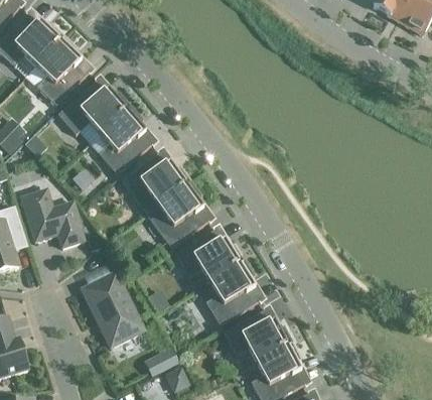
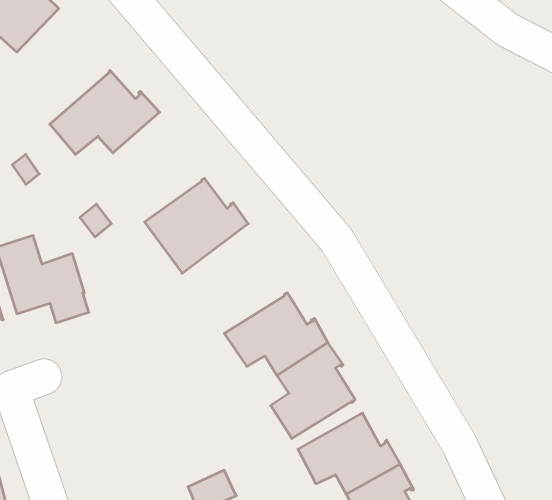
building: [35,37,91,106] -> none
building: [99,107,154,175] -> none
building: [146,181,211,249] -> none
building: [82,273,144,347] -> none

